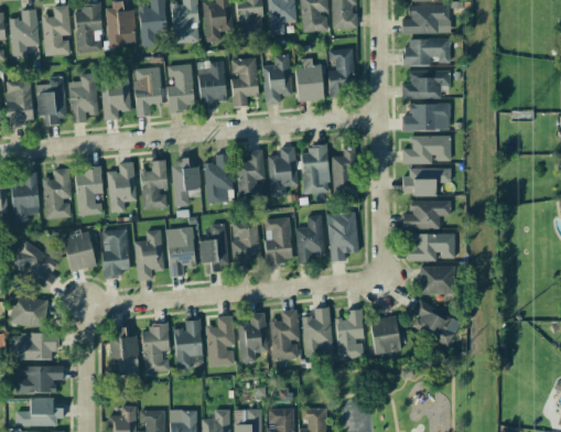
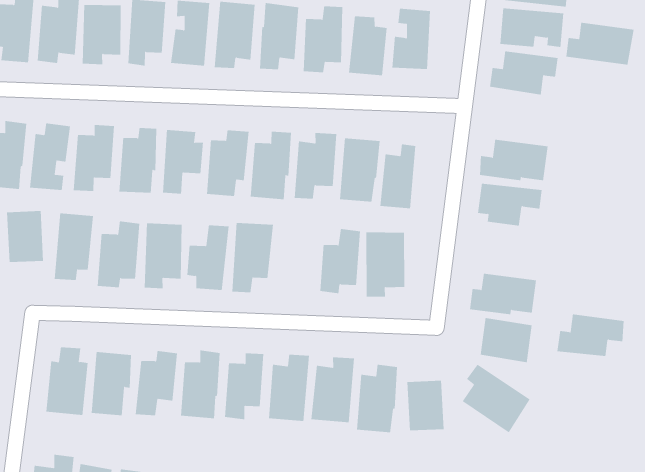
building: [402,104,450,130] -> [565,22,634,65]
building: [402,201,450,229] -> [557,314,624,356]
building: [263,217,292,263] -> none

